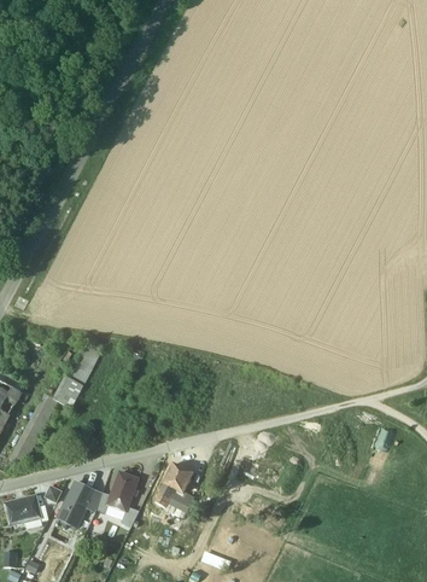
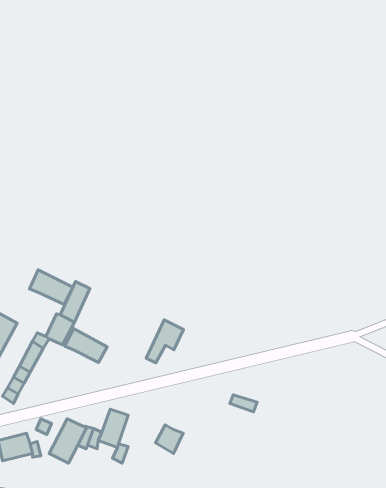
building: none -> [29,270,73,304]
building: none -> [65,329,107,363]
building: [156,462,193,506] -> [146,320,183,363]

